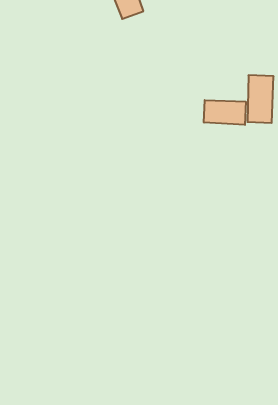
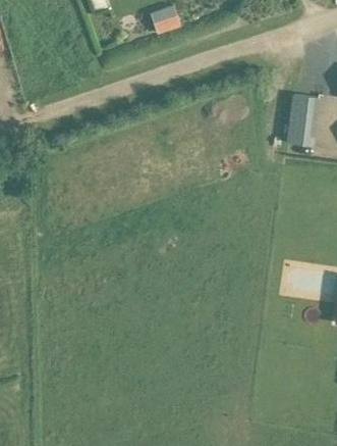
building: [204,100,246,125] -> none

